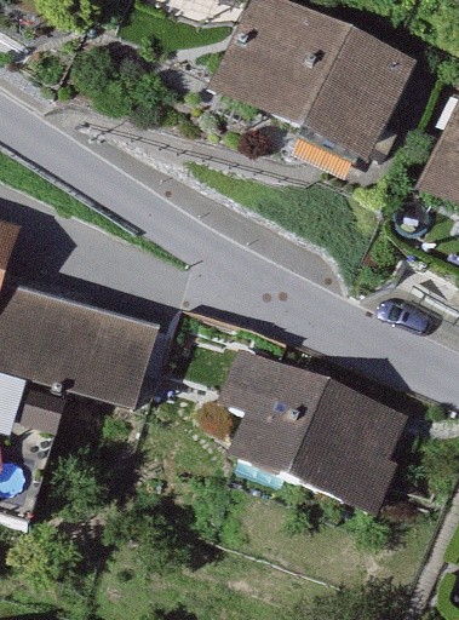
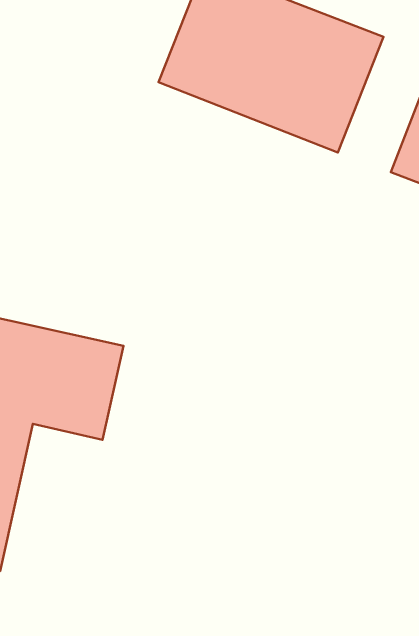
building: [222,348,409,512] -> none

